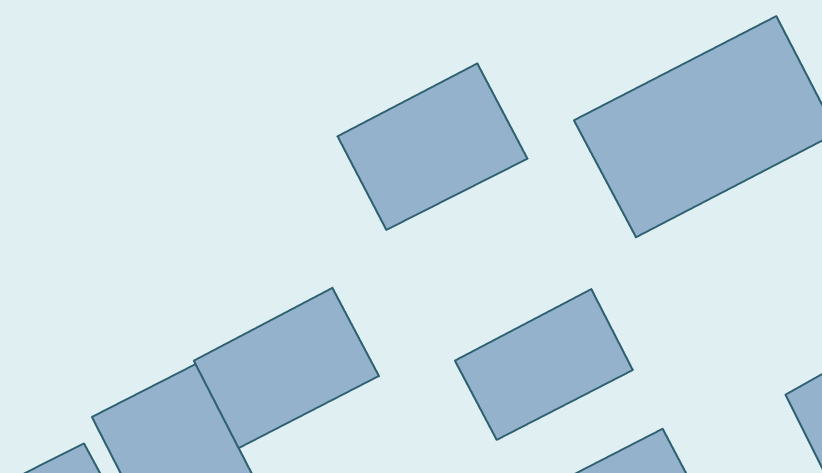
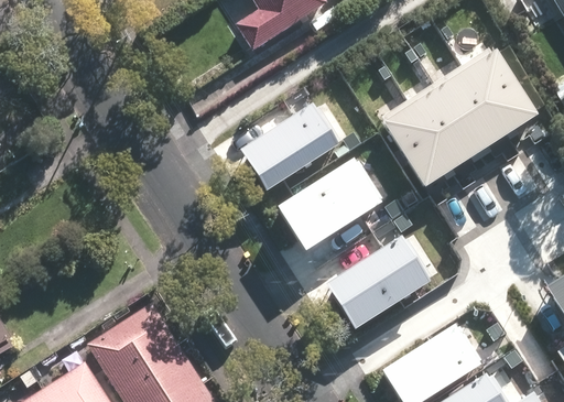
building: none -> [265,150,390,263]
building: [194,288,379,448] -> none

